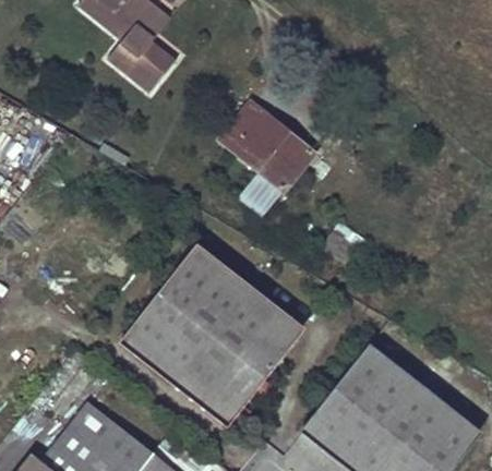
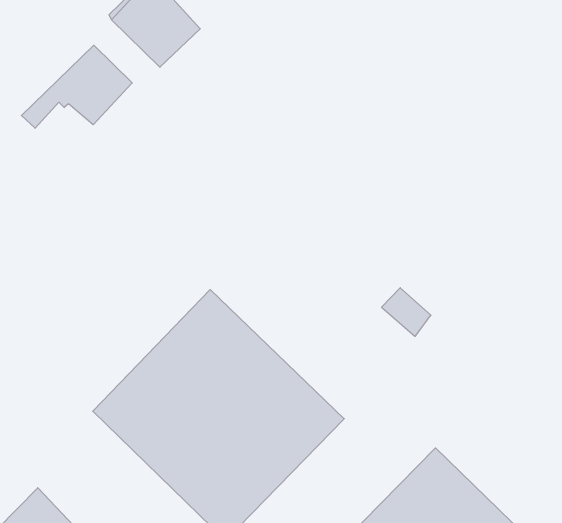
building: none -> [21,45,132,128]
building: [220,104,314,196] -> none

